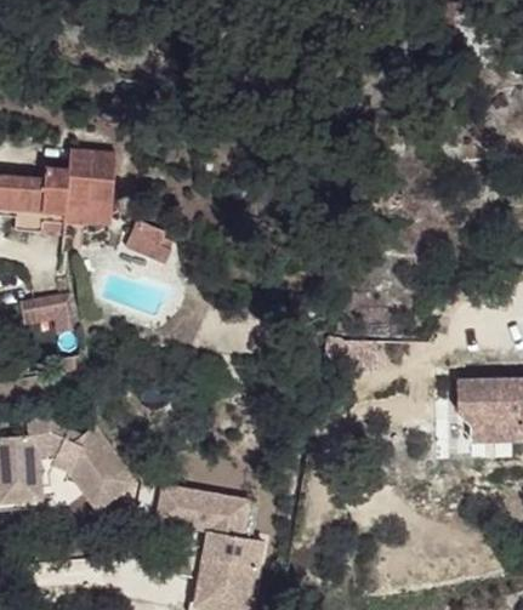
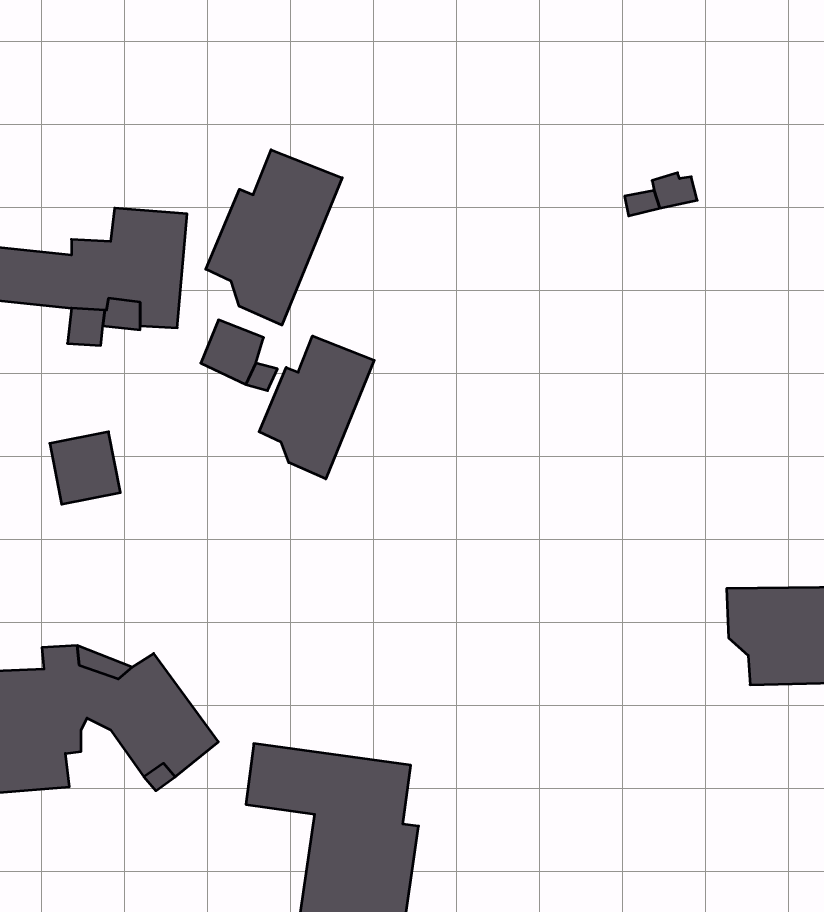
building: none -> [206,150,342,325]
building: none -> [259,336,374,479]

